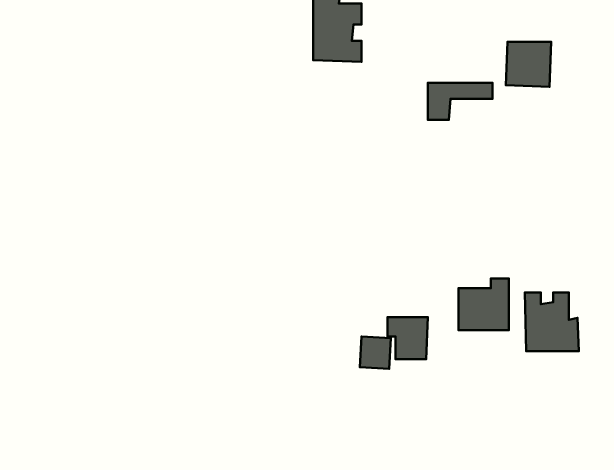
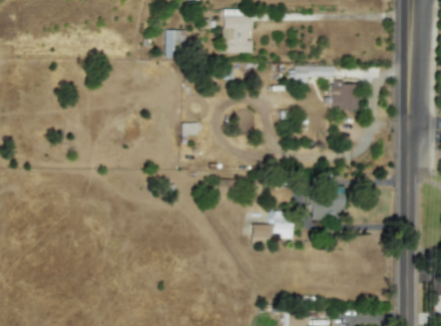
building: none -> [165,29,186,57]
building: [506,42,551,87] -> [331,81,359,109]
building: [525,292,579,351] -> none

